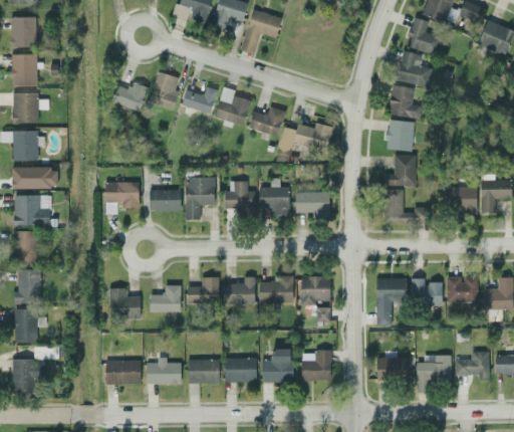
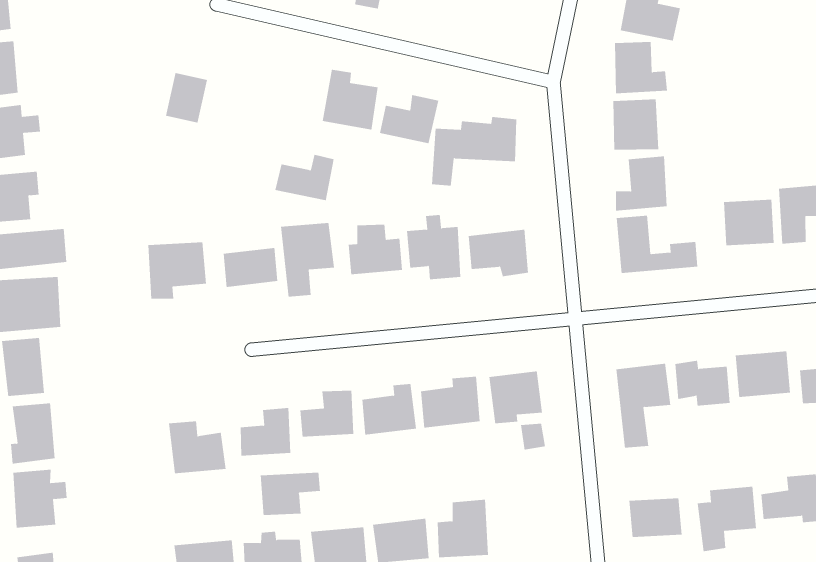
building: [149,72,179,111] -> none
building: [181,86,218,115] -> [274,154,335,201]
building: none -> [260,472,320,516]
building: [301,352,331,381] -> none

